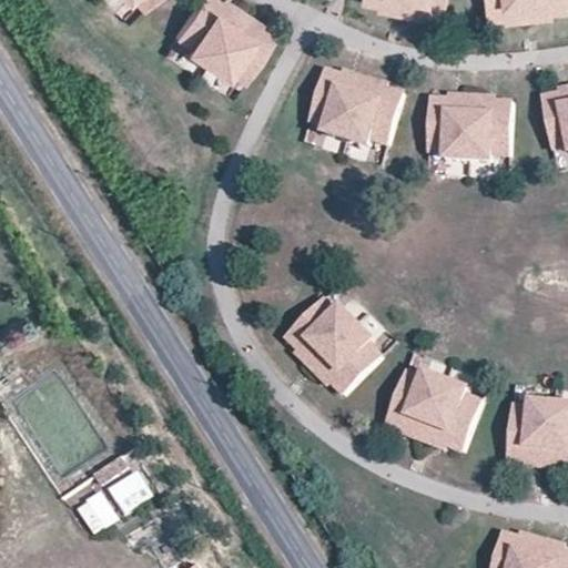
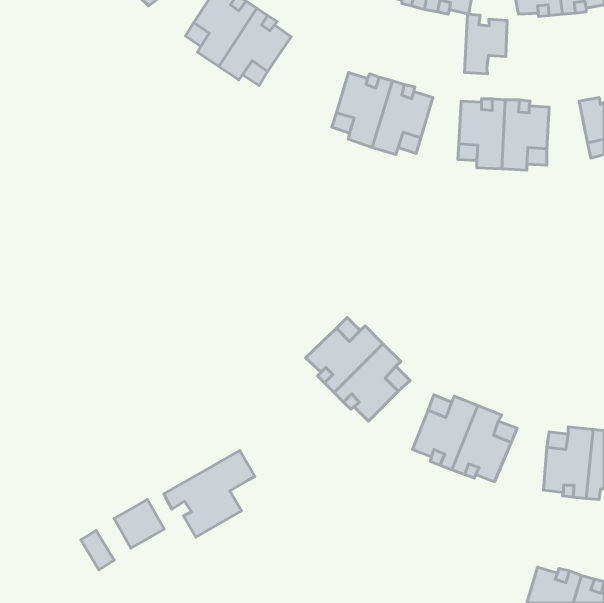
building: none -> [464,14,507,74]
building: none -> [164,450,255,537]

